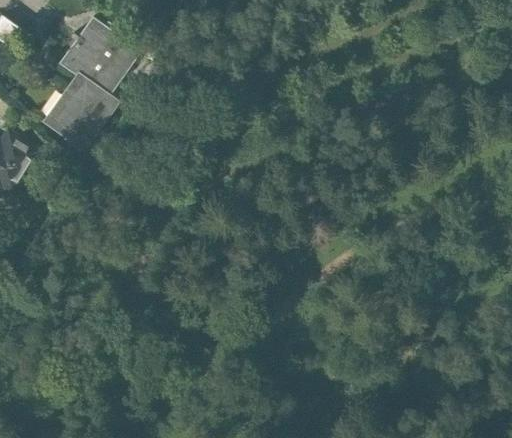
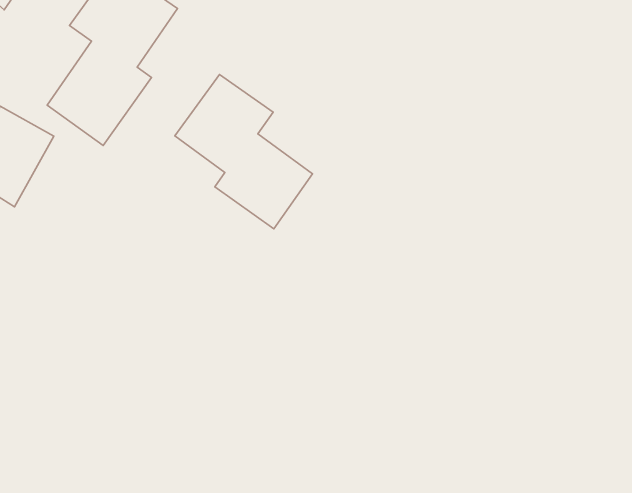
building: none -> [175,75,312,229]

